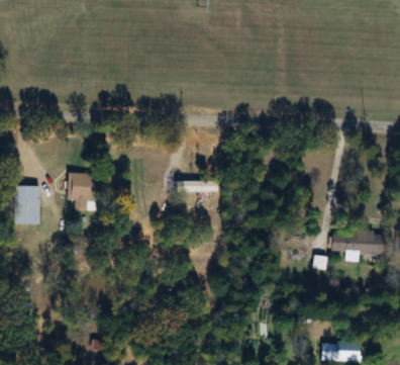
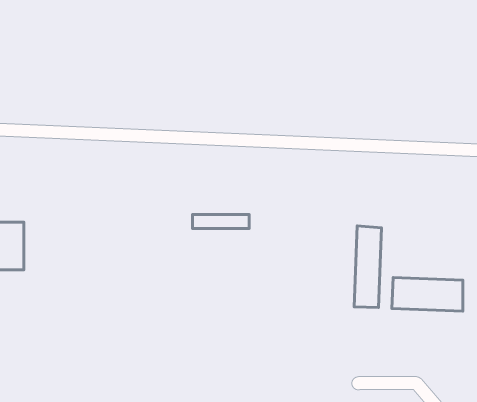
building: [67,173,98,211] -> none
building: none -> [354,226,381,308]

